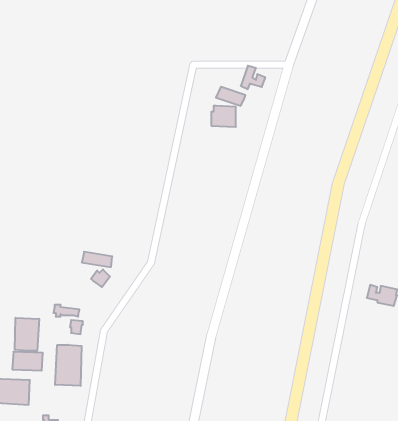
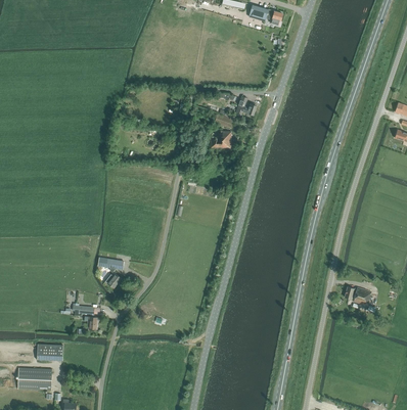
building: [15,318,39,351] -> none
building: [55,345,82,386] -> none

